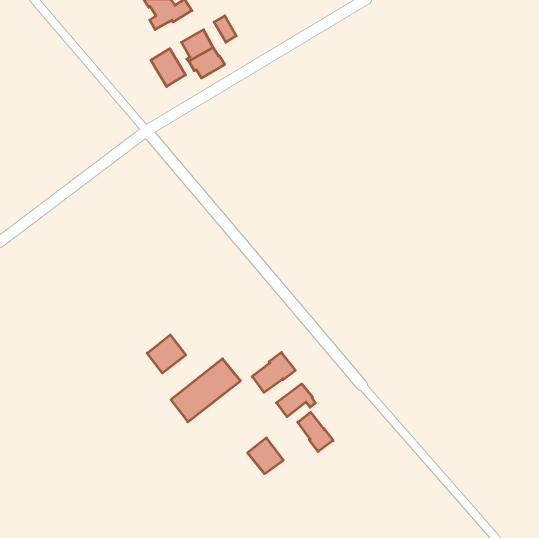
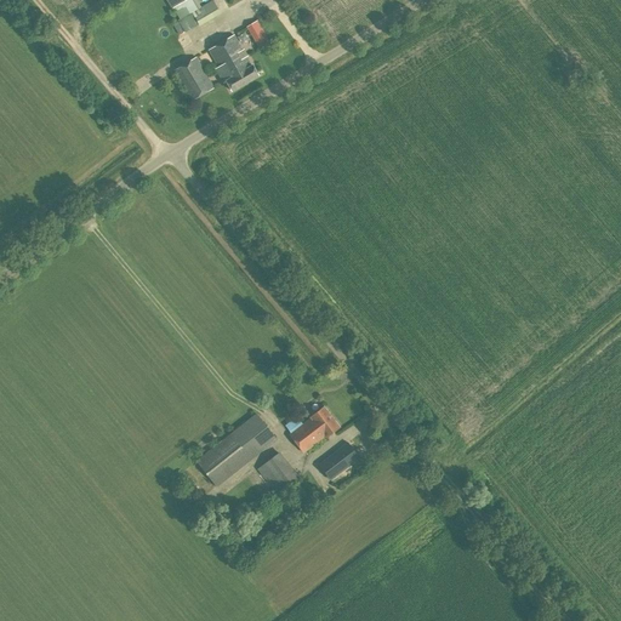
building: [147,335,186,373] -> none
building: [298,412,333,452] -> none
building: [248,438,283,474] -> [257,451,298,492]

